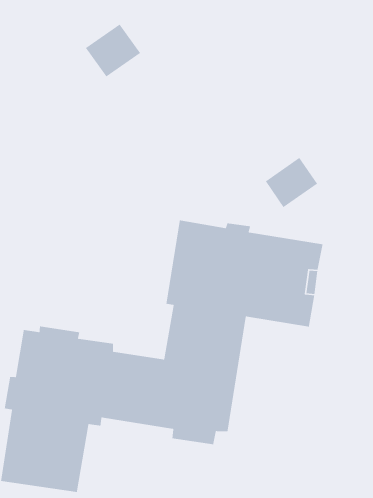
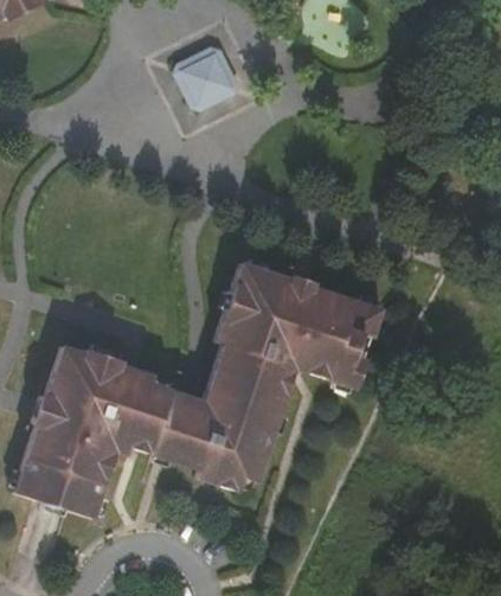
building: [265,157,318,208] -> none

